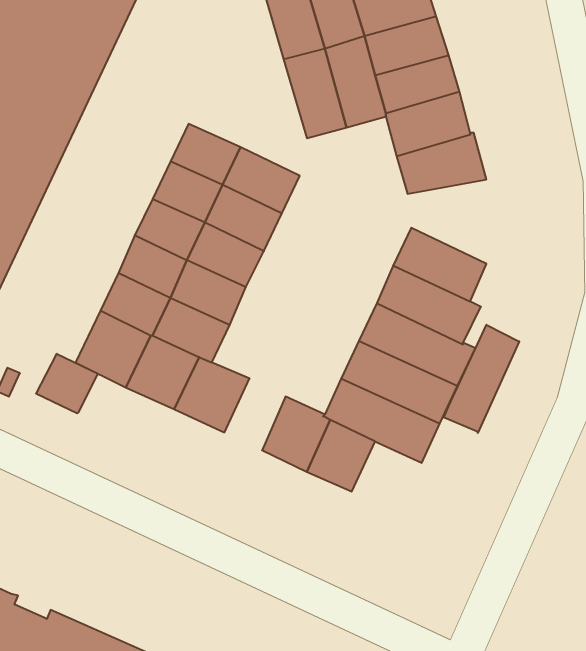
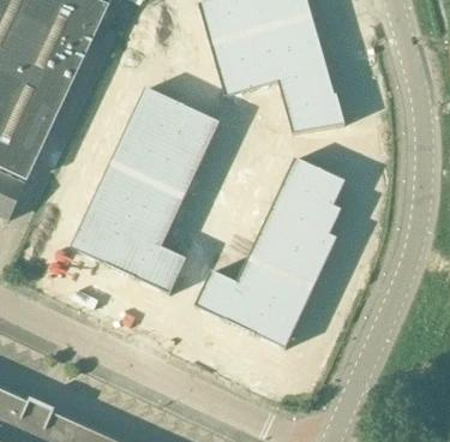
building: [444,325,519,433] -> none
building: [36,354,98,413] -> none
building: none -> [254,299,301,347]

